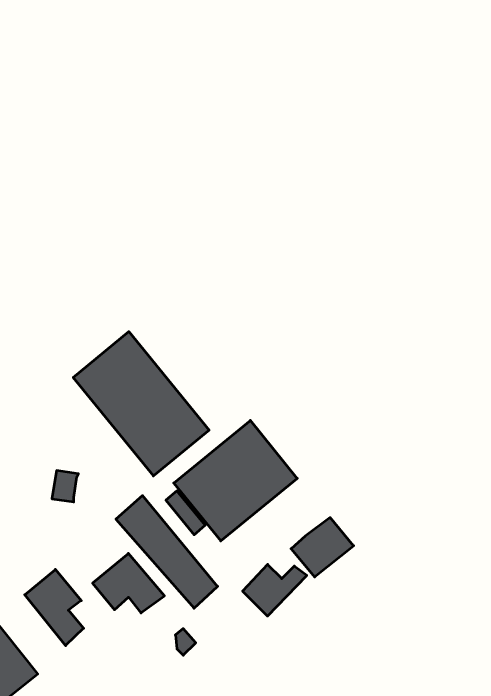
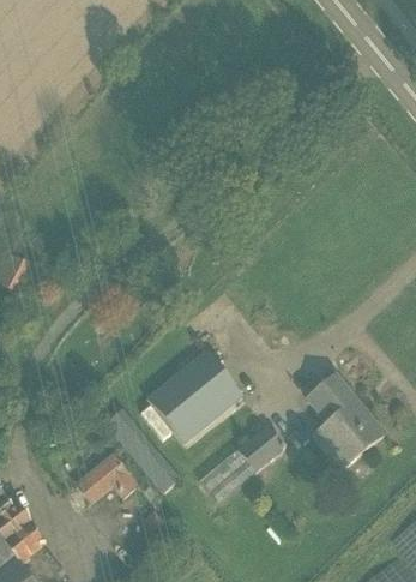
building: [73,332,209,476] -> none
building: none -> [307,374,385,470]
building: [25,569,84,646] -> none

